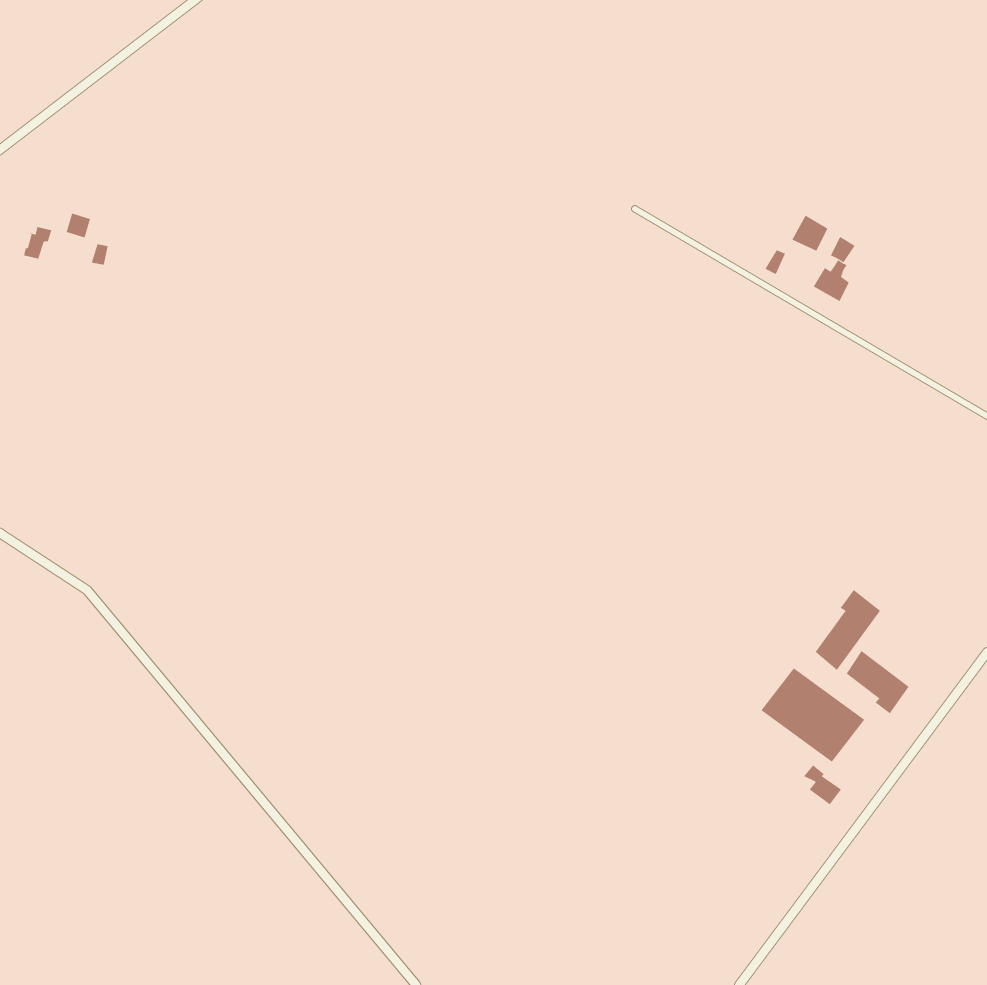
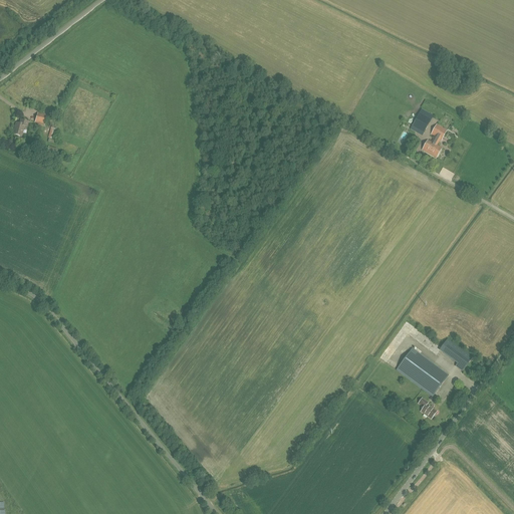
building: [815,589,881,671] -> none

